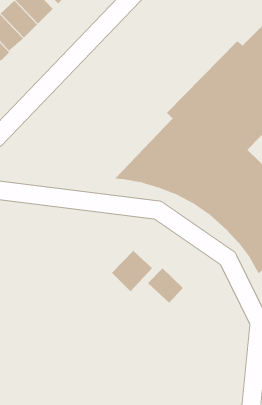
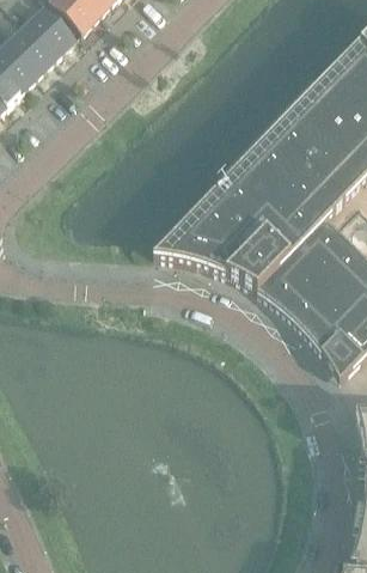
building: [111,250,153,292] -> none
building: [147,268,184,304] -> none

